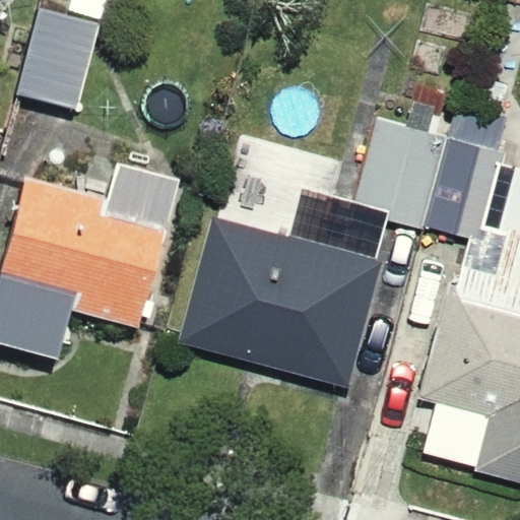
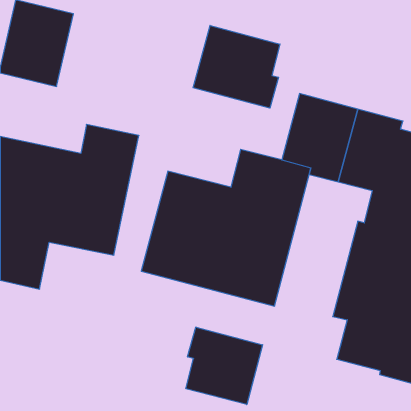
building: none -> [193,25,280,108]
building: none -> [186,327,263,405]

